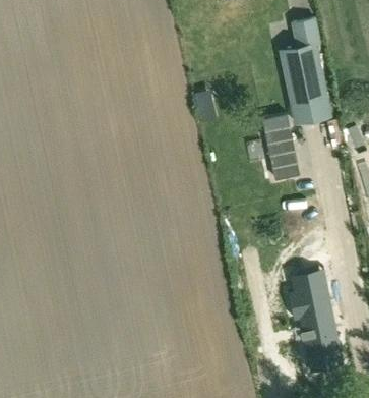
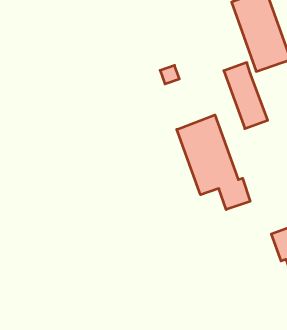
building: none -> [177,115,250,210]

